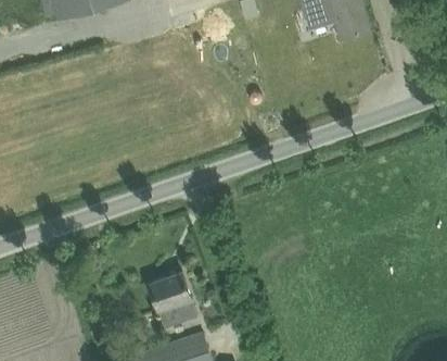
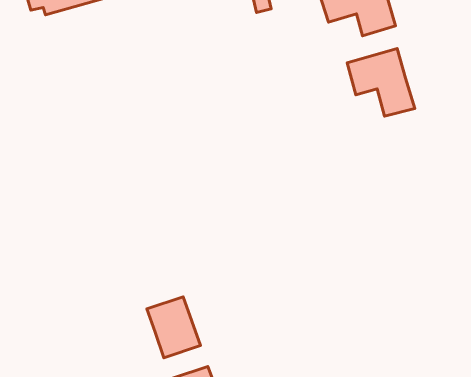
building: none -> [347,49,415,116]

